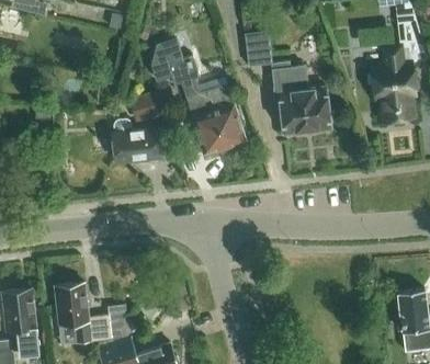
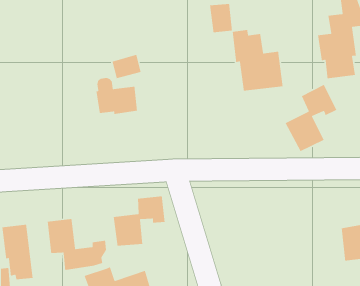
building: [151,37,245,153] -> none
building: none -> [284,84,338,152]
building: none -> [113,196,165,247]

